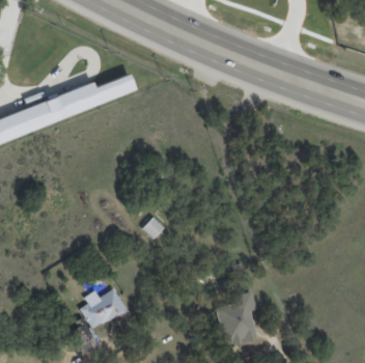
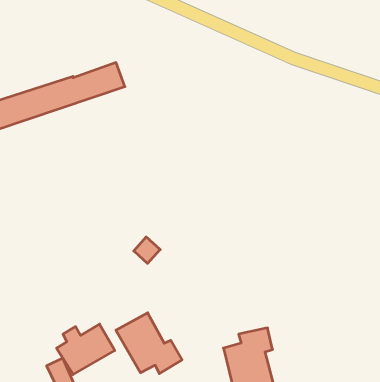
building: none -> [116,313,182,374]

